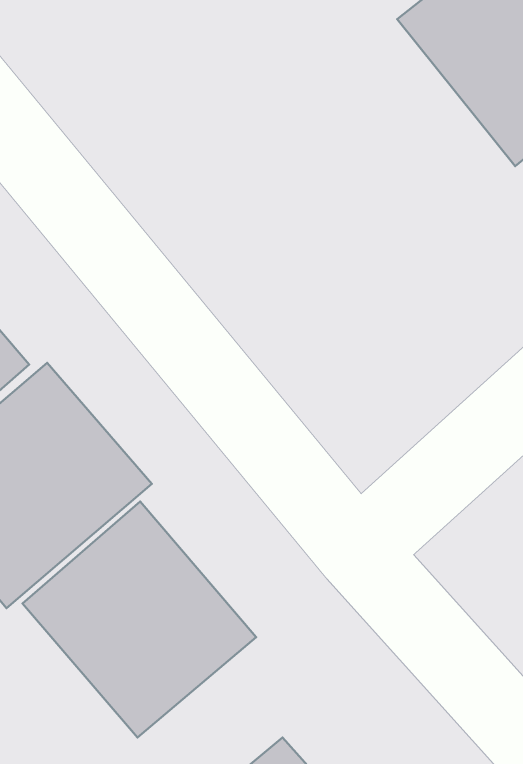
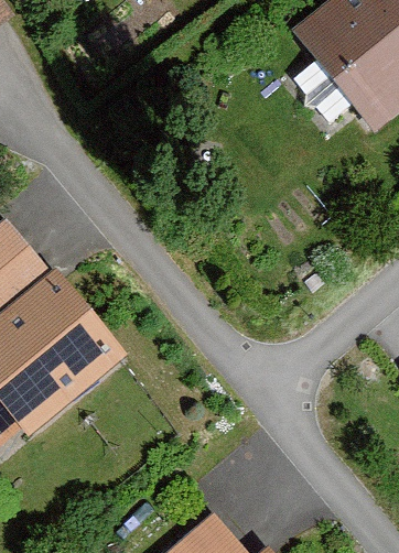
building: [23,502,256,738] -> none

